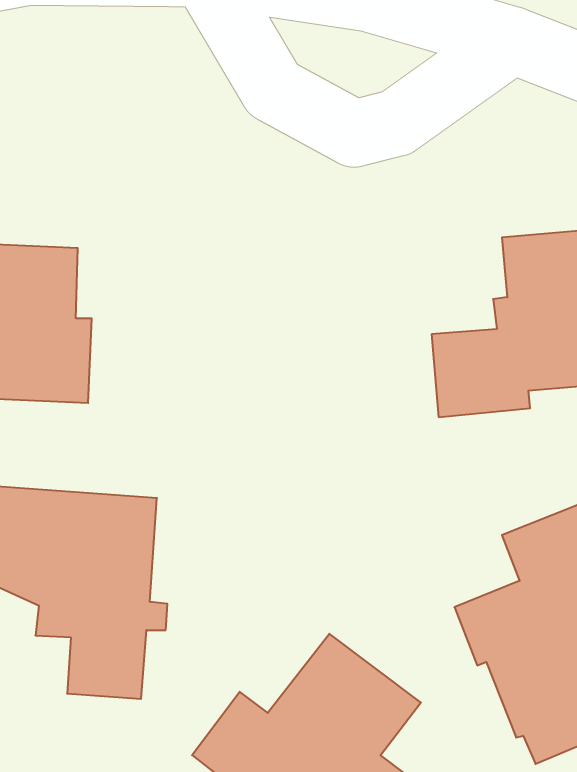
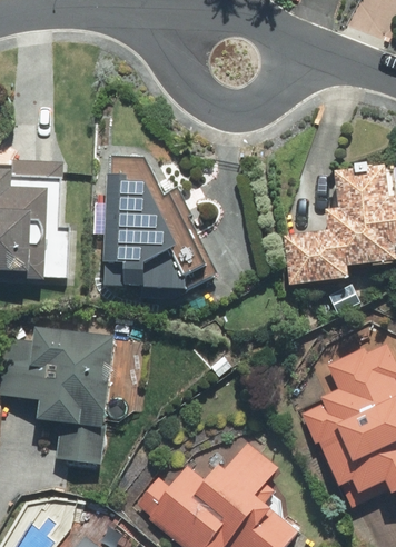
building: none -> [102,155,220,290]

